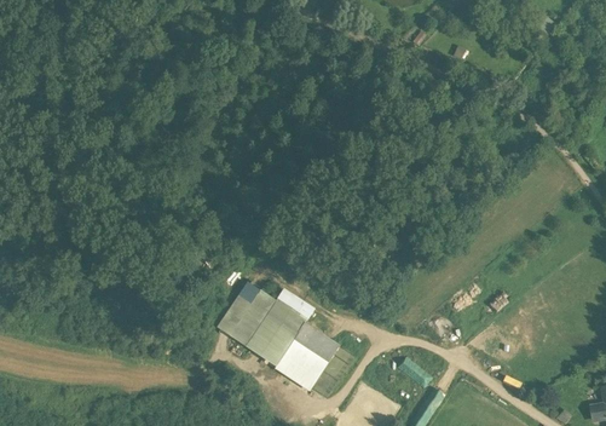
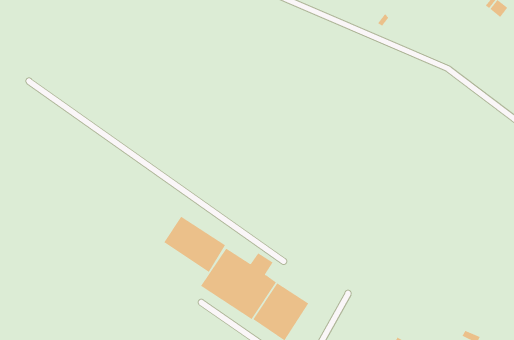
building: none -> [164,216,226,273]

